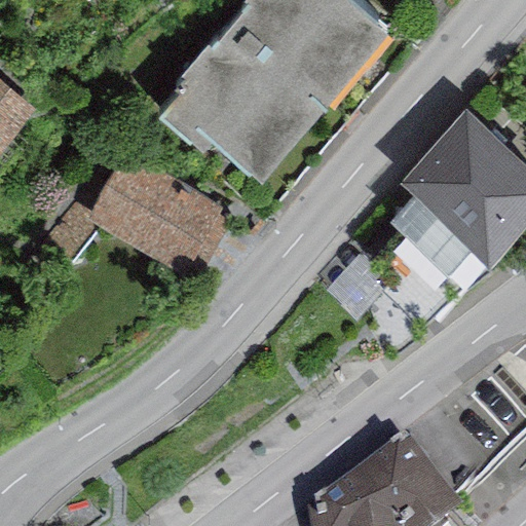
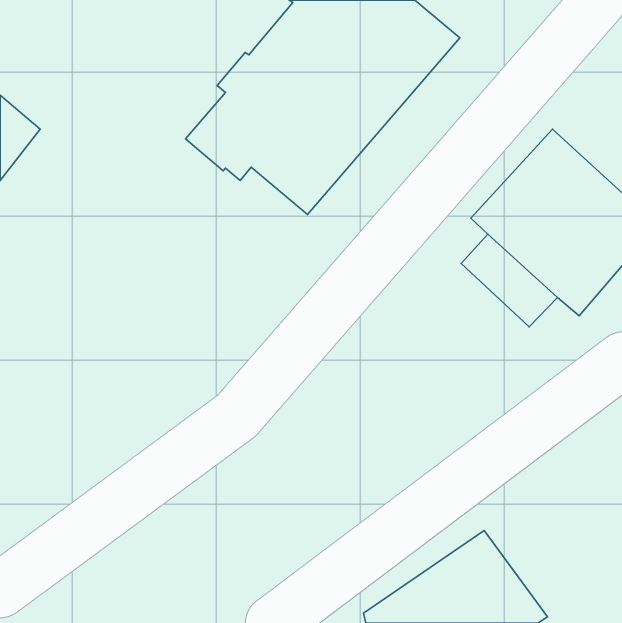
building: [84,151,223,277] -> none

